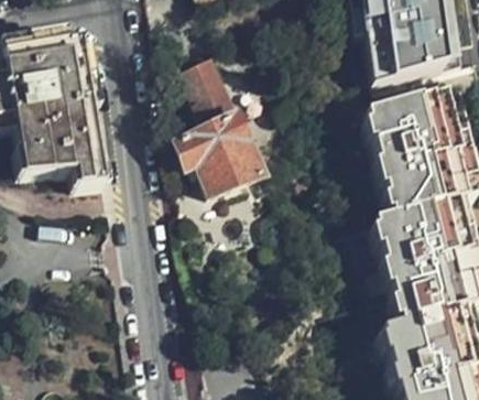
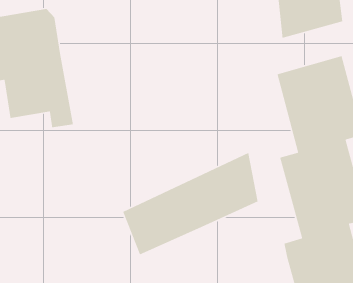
building: [179,61,264,195] -> none
building: none -> [122,152,258,256]

